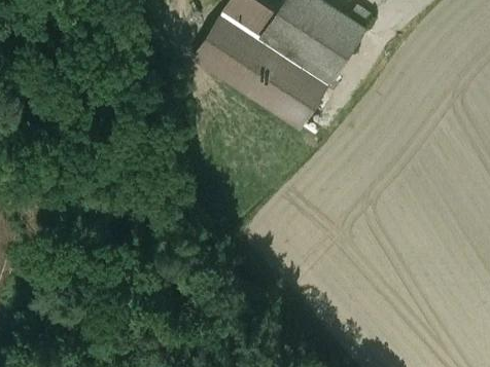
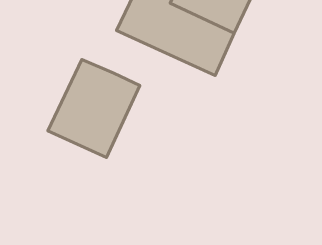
building: none -> [48,59,140,158]

